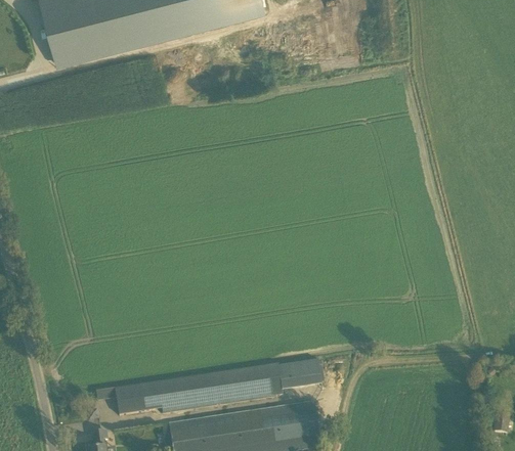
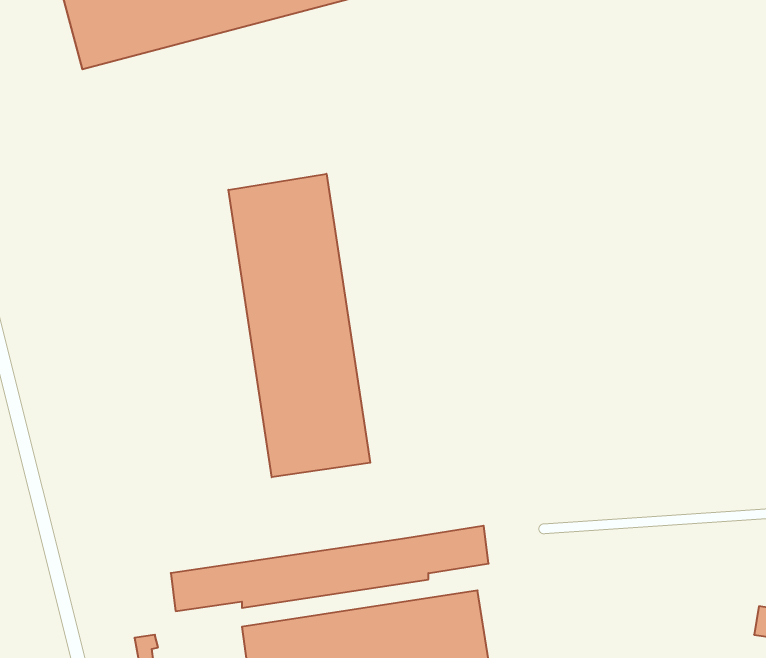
building: none -> [228,174,370,477]

